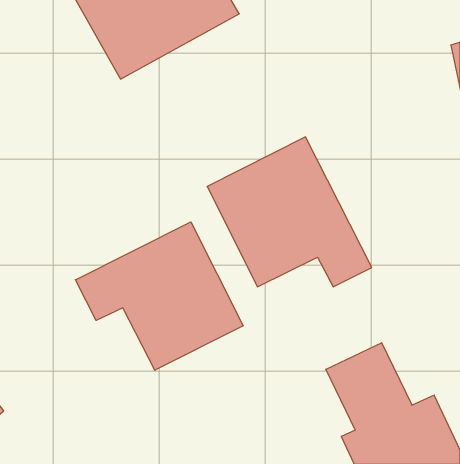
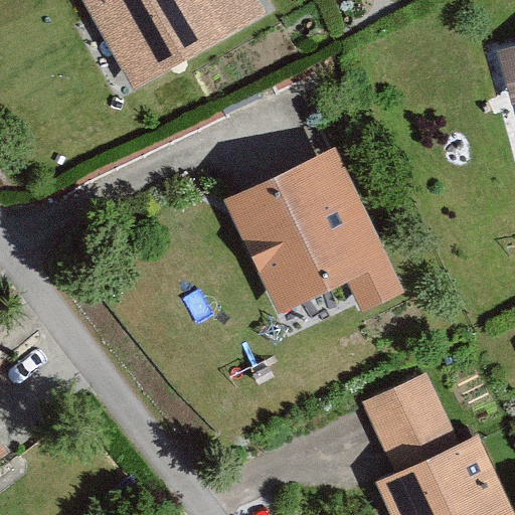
building: [75,222,243,370] -> none

